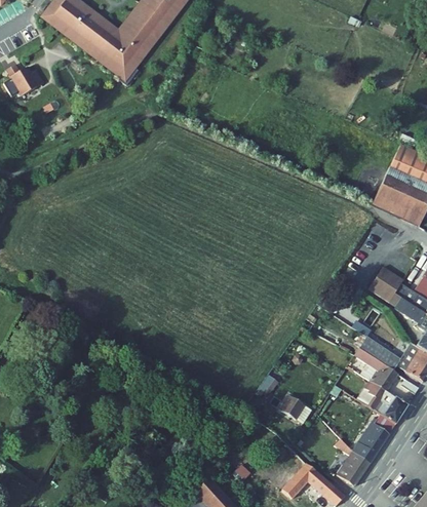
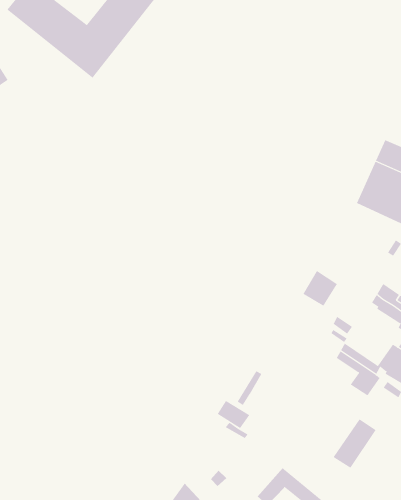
building: [368,266,402,301] -> [303,270,338,306]
building: [353,380,406,424] -> none
building: [281,395,313,423] -> [217,400,250,429]
building: [334,435,370,484] -> none

